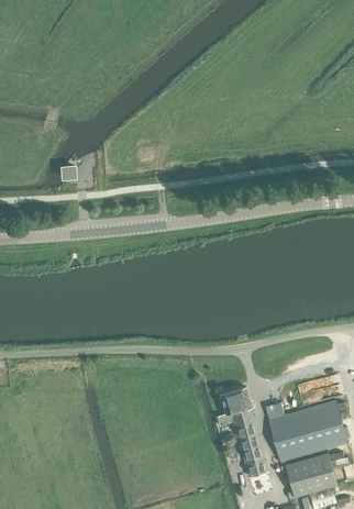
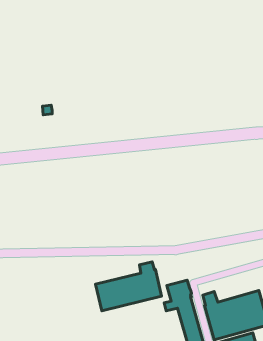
building: none -> [95,262,162,311]

